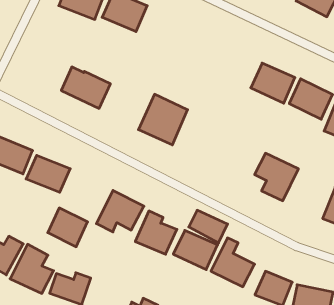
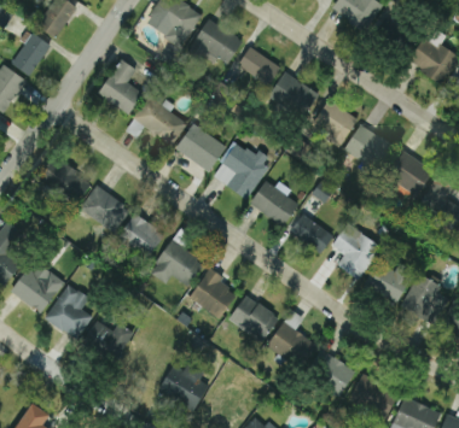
building: none -> [238,47,280,86]
building: none -> [268,71,316,118]
building: none -> [98,60,144,115]
building: none -> [312,100,358,145]
building: none -> [175,123,226,172]
building: none -> [250,182,298,224]
building: none -> [364,263,412,301]
building: [48,208,88,247] -> [117,213,163,259]
building: [189,210,228,243] -> [290,215,333,254]

